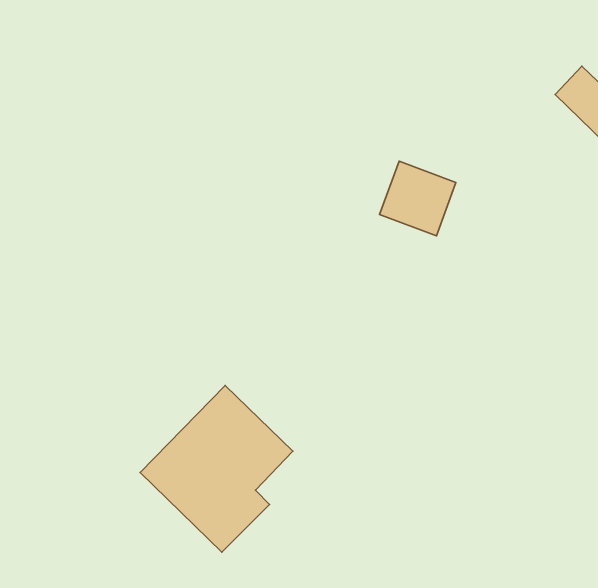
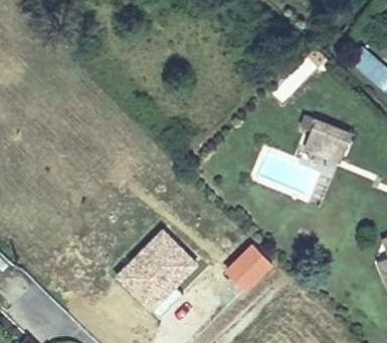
building: [380,161,456,236] -> [305,113,348,155]
building: none -> [229,243,268,287]

